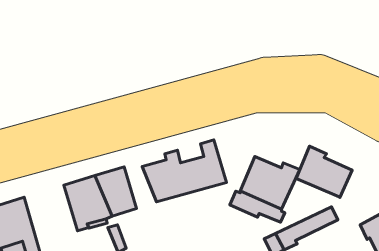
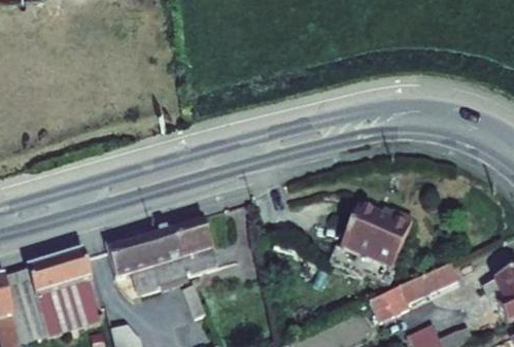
building: [142,140,227,202] -> none
building: [296,146,352,198] -> none
building: none -> [106,236,147,292]

